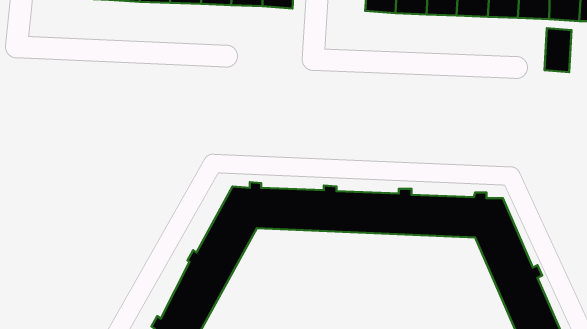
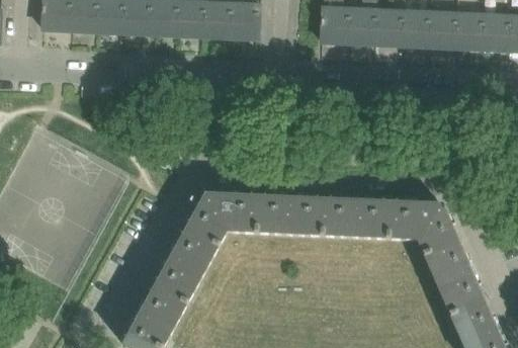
building: [544,28,572,72] -> none

